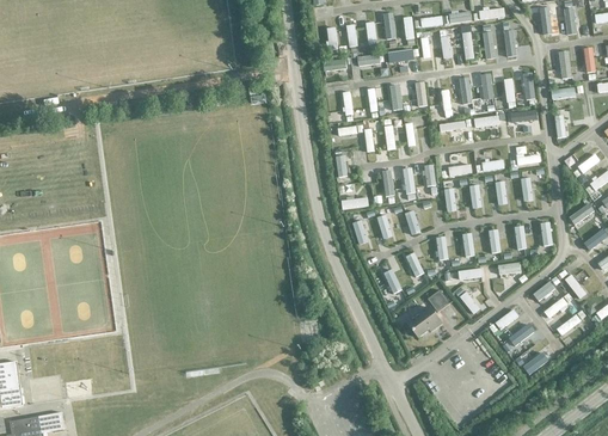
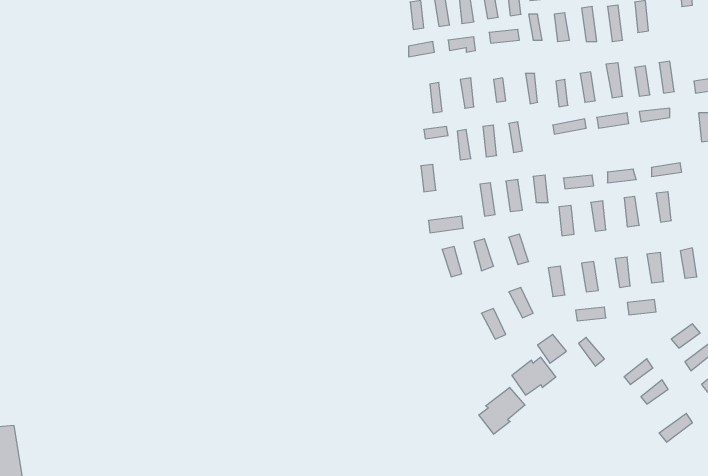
building: none -> [479,387,525,434]

